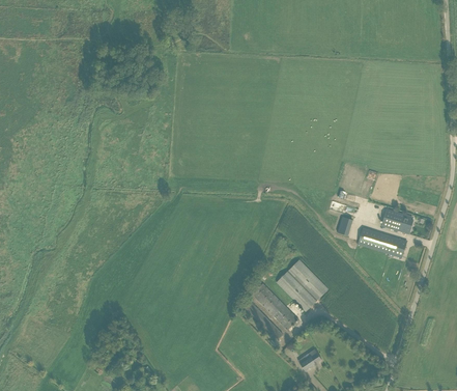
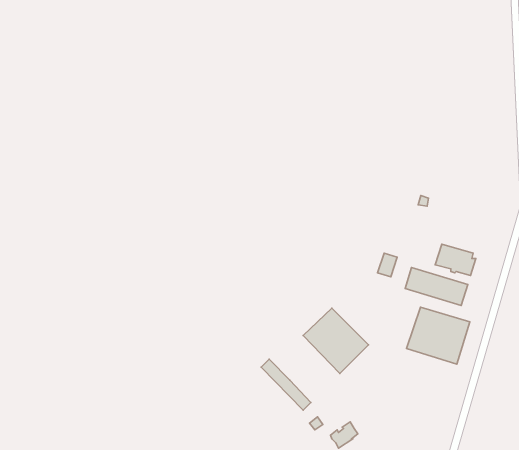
building: none -> [407,307,470,364]
building: [252,283,298,330] -> none

